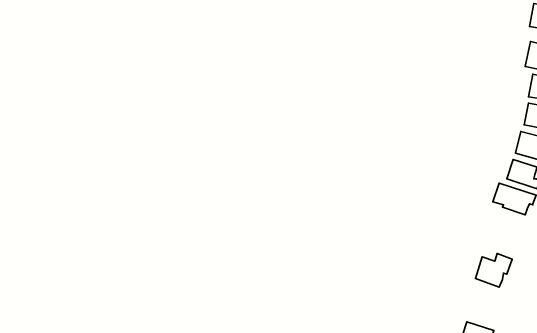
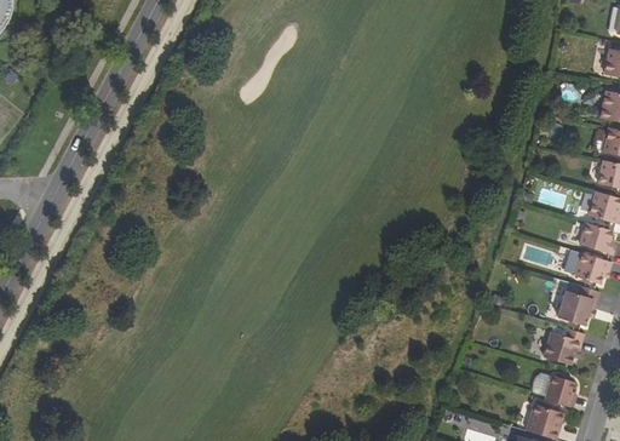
building: none -> [557,285,599,326]
building: none -> [544,374,573,406]

